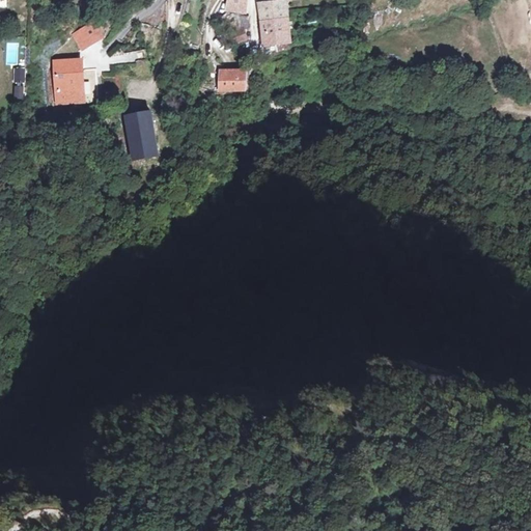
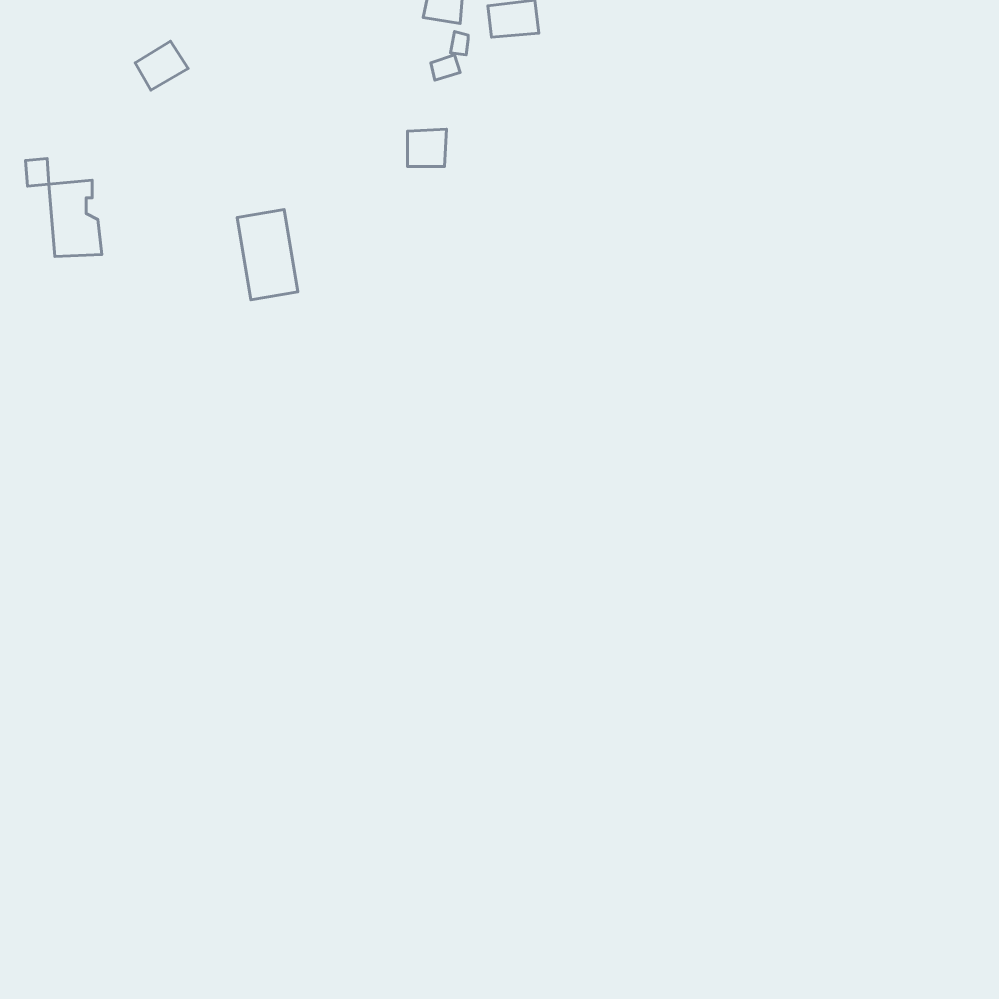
building: [260,18,288,45] -> none
building: [55,60,83,101] -> [49,180,102,257]

